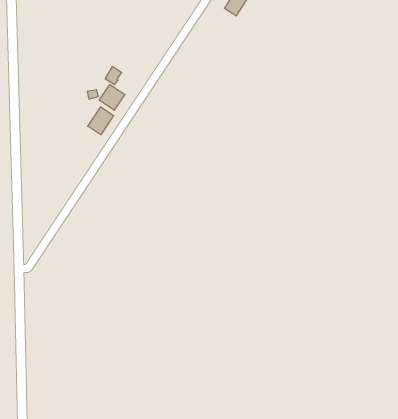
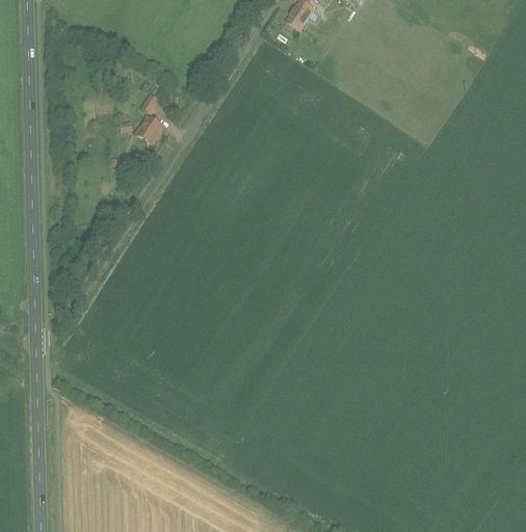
building: [88,107,114,135] -> none

